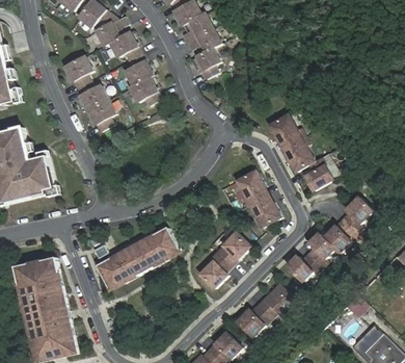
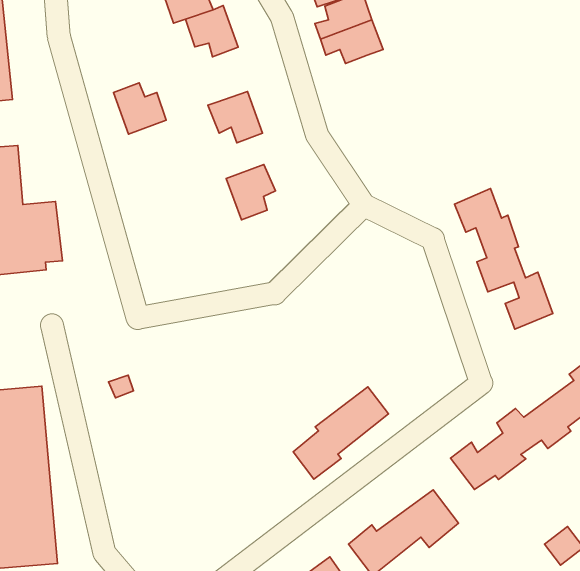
building: [190,49,218,80] -> none
building: [124,54,151,86] -> none
building: [62,56,90,88] -> none
building: [85,100,113,132] -> [226,165,275,220]
building: [238,170,281,227] -> none
building: [97,226,179,286] -> none

